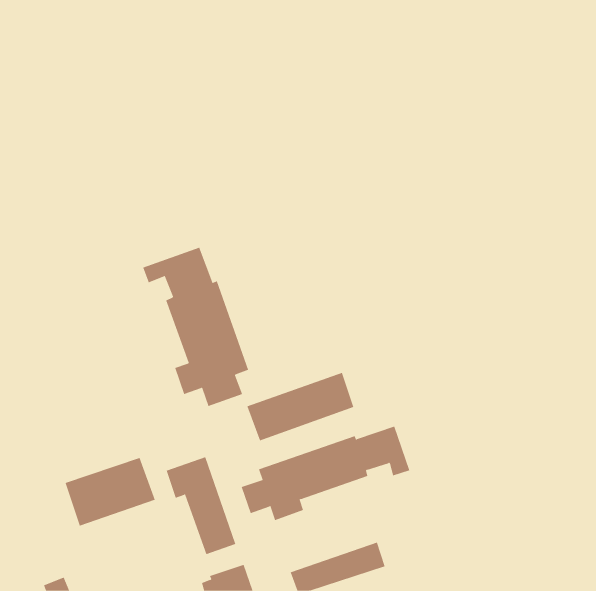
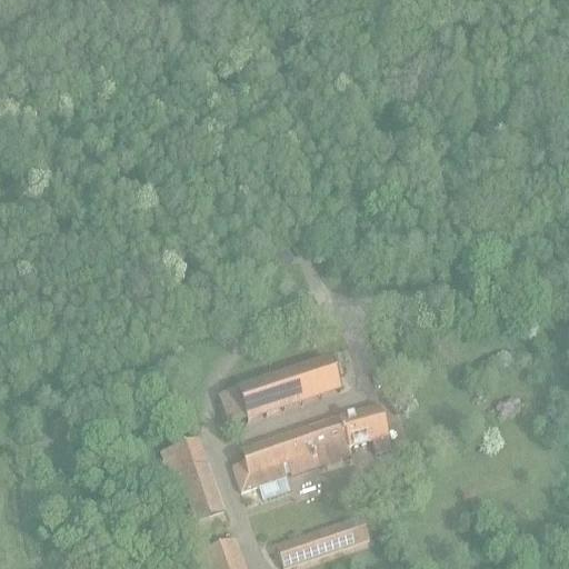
building: [142,247,249,407] -> none
building: [65,457,155,526] -> none

